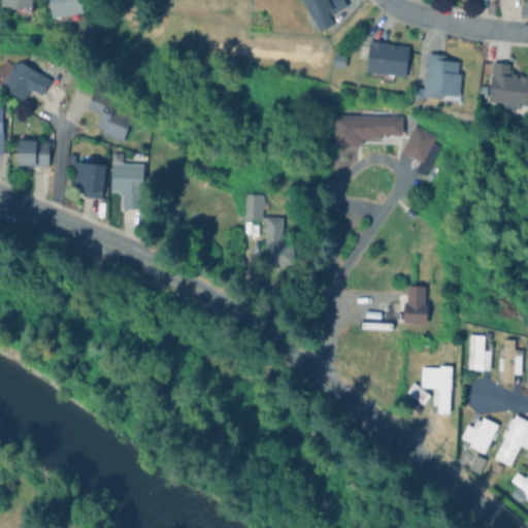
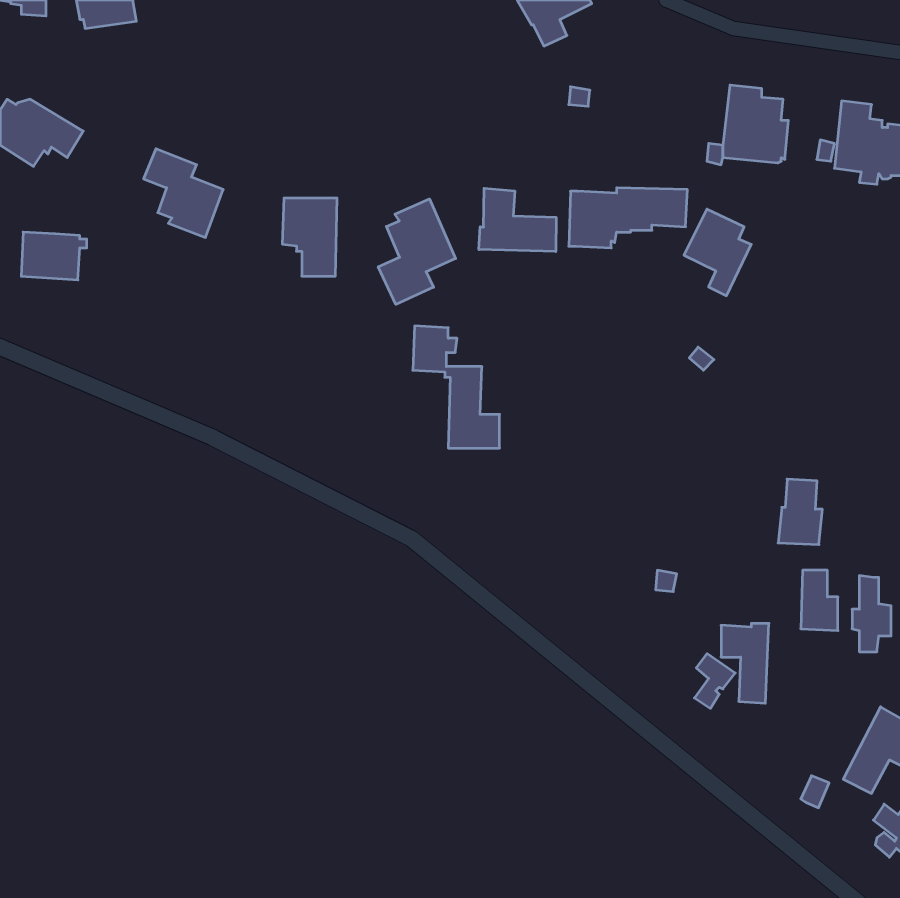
building: [366,41,414,84] -> none
building: none -> [479,188,556,252]
building: none -> [378,199,456,304]
building: [74,162,106,198] -> none
building: [111,164,143,209] -> [282,198,337,276]
building: [402,286,428,324] -> [778,479,822,545]
building: [461,419,498,454] -> none

